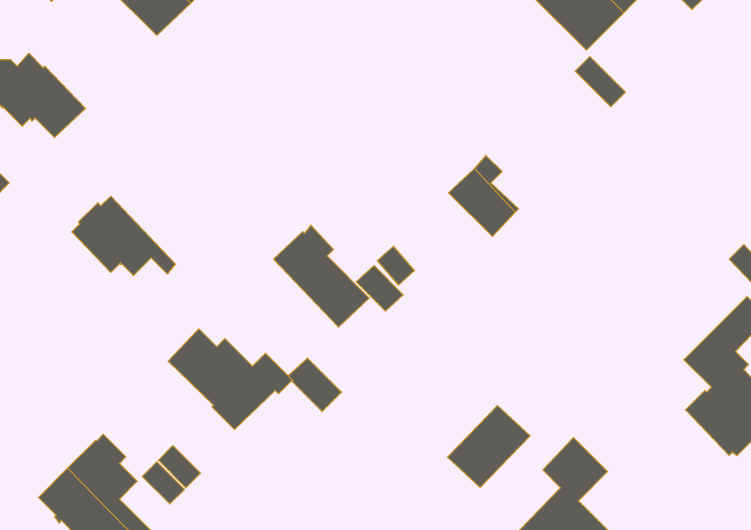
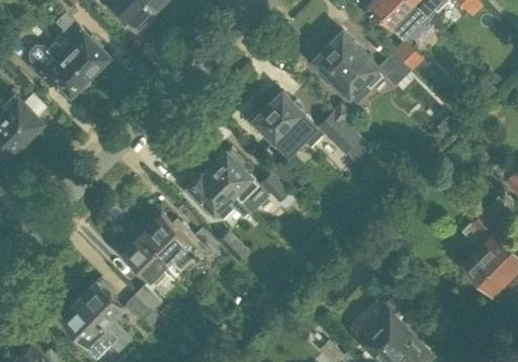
building: none -> [63,21,109,76]
building: none -> [314,32,411,101]
building: none -> [253,93,315,157]
building: [72,196,176,276] -> [183,170,248,219]
building: none -> [120,234,170,286]
building: [447,406,530,487] -> none

